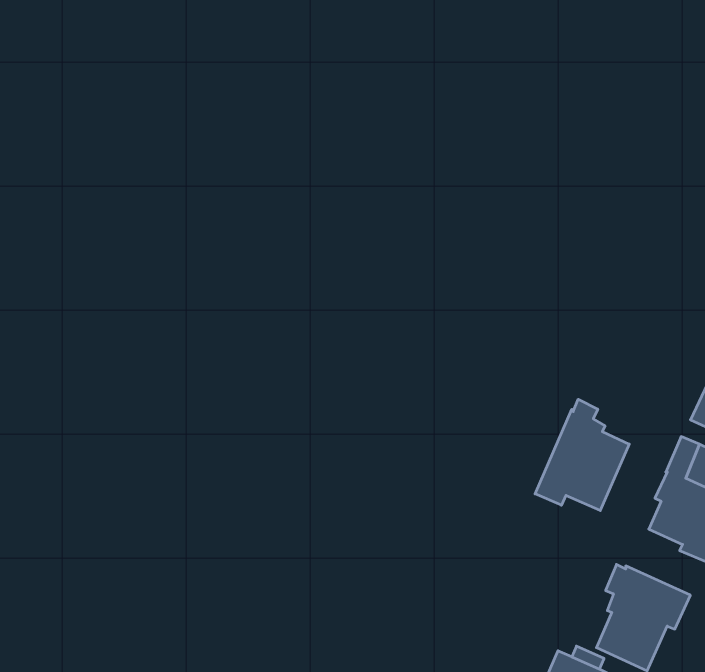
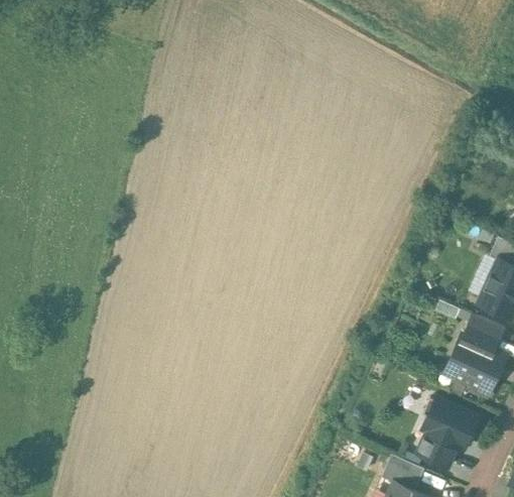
building: [535,399,629,511] -> none

